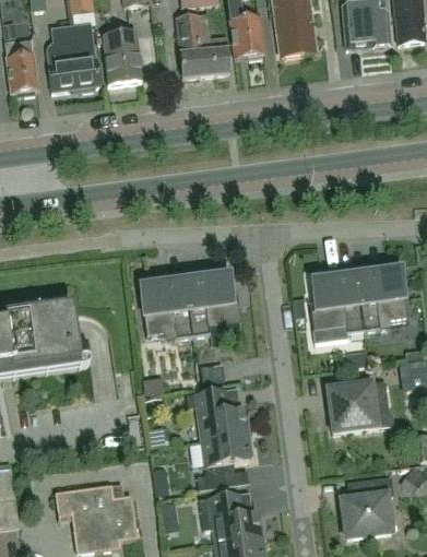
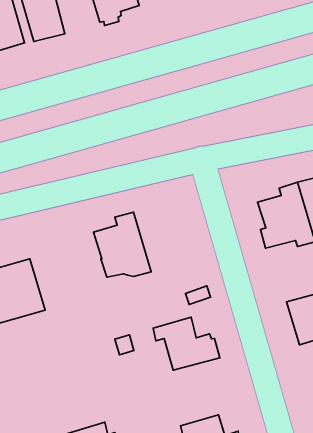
building: [183,270,240,335] -> none
building: [197,434,252,488] -> none

